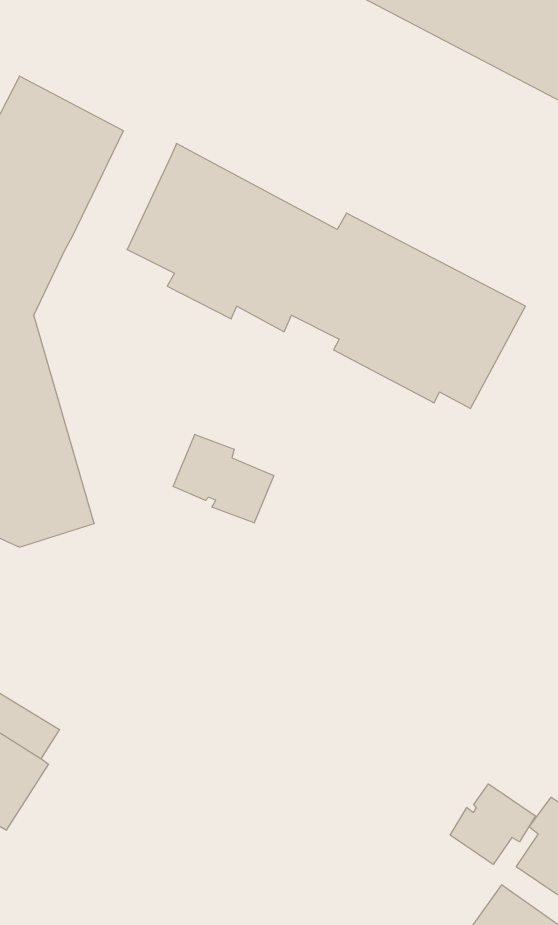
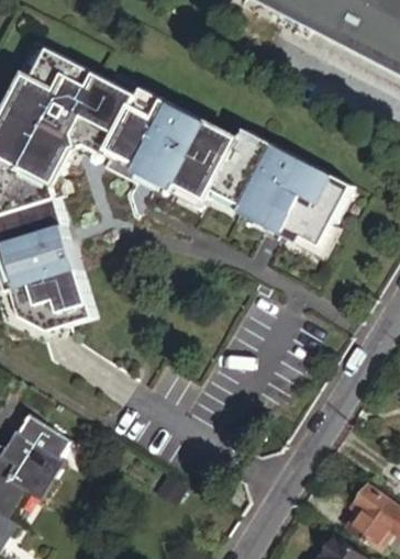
building: none -> [73,80,136,158]
building: [173,434,274,523] -> none
building: [450,784,536,864] -> none

